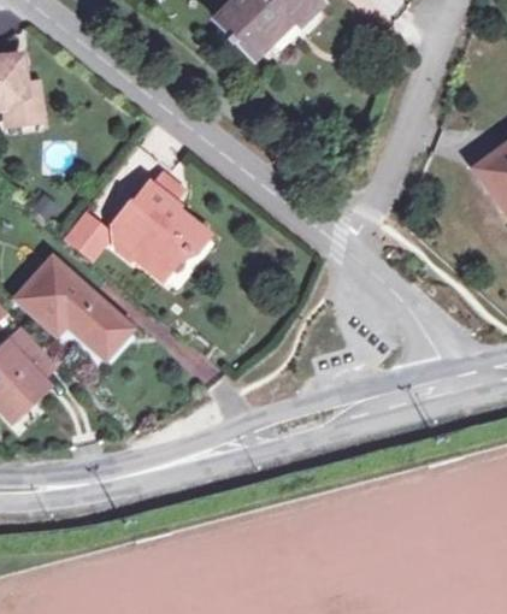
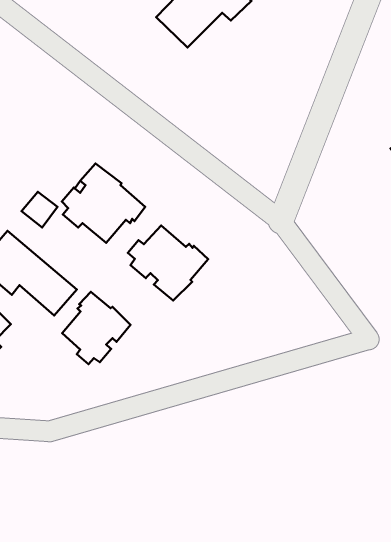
building: none -> [128,226,208,301]
building: none -> [62,292,131,364]

